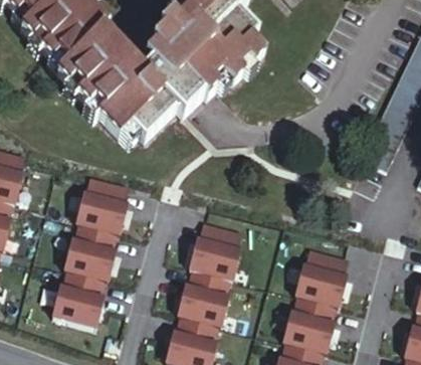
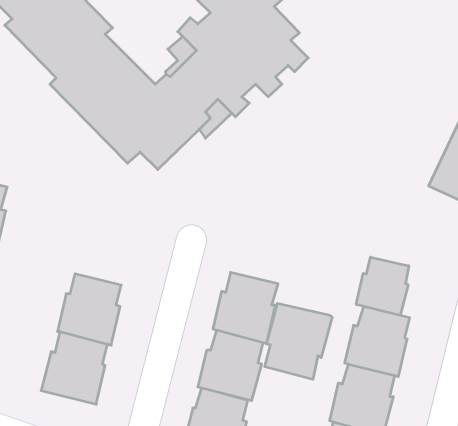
building: [76,177,128,234] -> none
building: none -> [356,257,409,315]
building: none -> [265,303,332,379]

